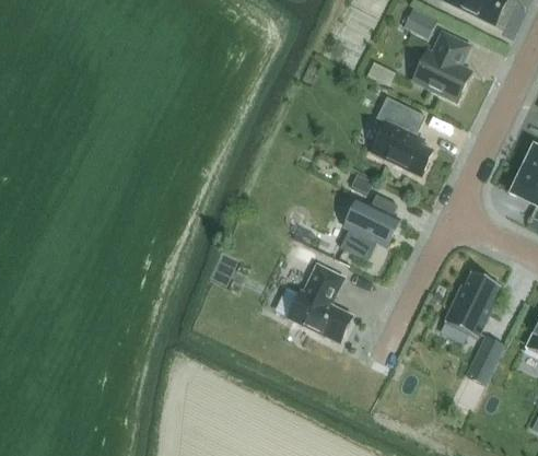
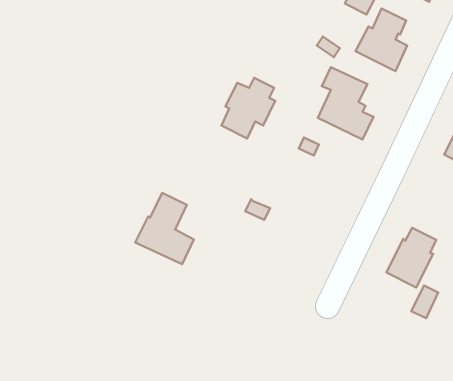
building: [339,192,398,259] -> [221,78,275,138]
building: [286,262,351,341] -> [135,193,194,264]

